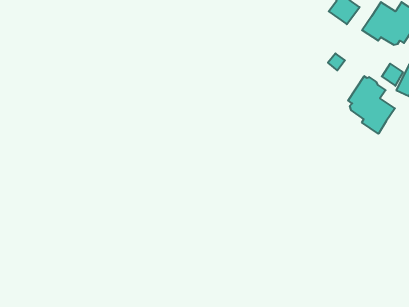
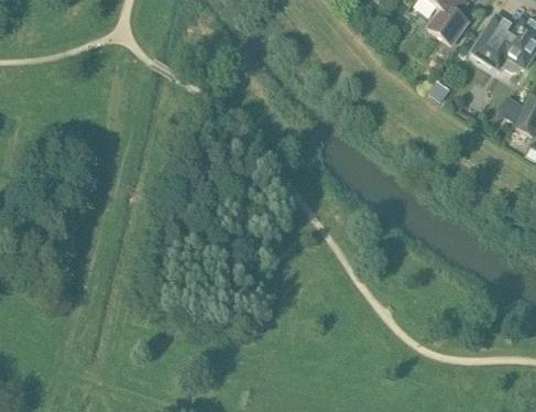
building: [348,76,395,134] -> none

